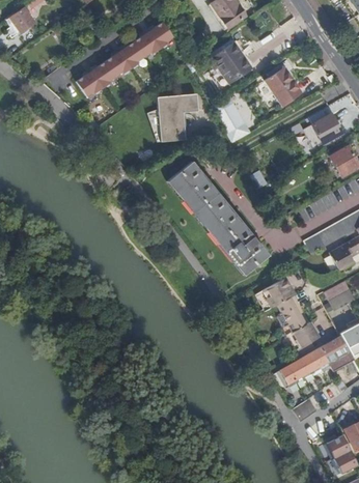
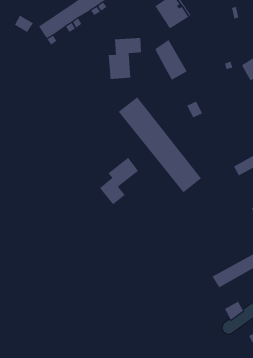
building: [255,68,301,112] -> none
building: none -> [99,157,139,205]
building: [261,278,317,346] -> none

